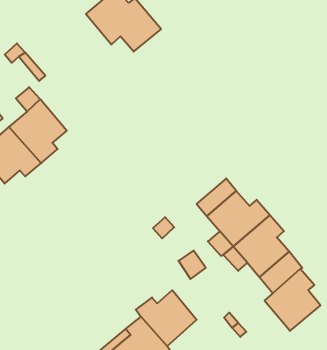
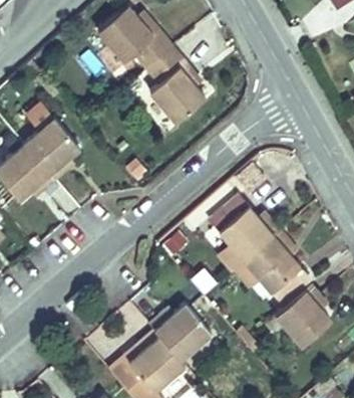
building: none -> [145,46,205,122]

